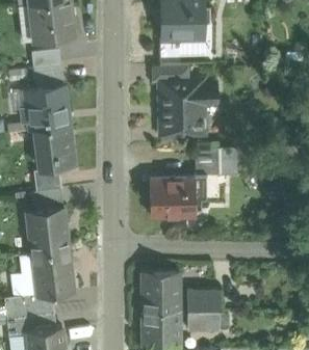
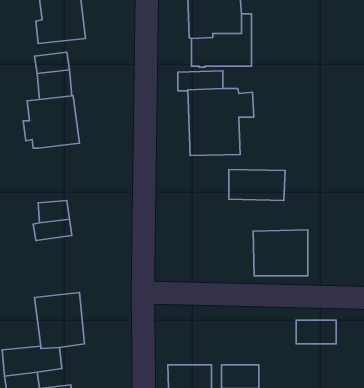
building: [35,126,74,171] -> none
building: [150,179,196,217] -> [253,230,308,276]
building: [28,208,70,254] -> none
building: [144,271,180,311] -> none
building: [188,291,222,311] -> [296,320,336,344]

